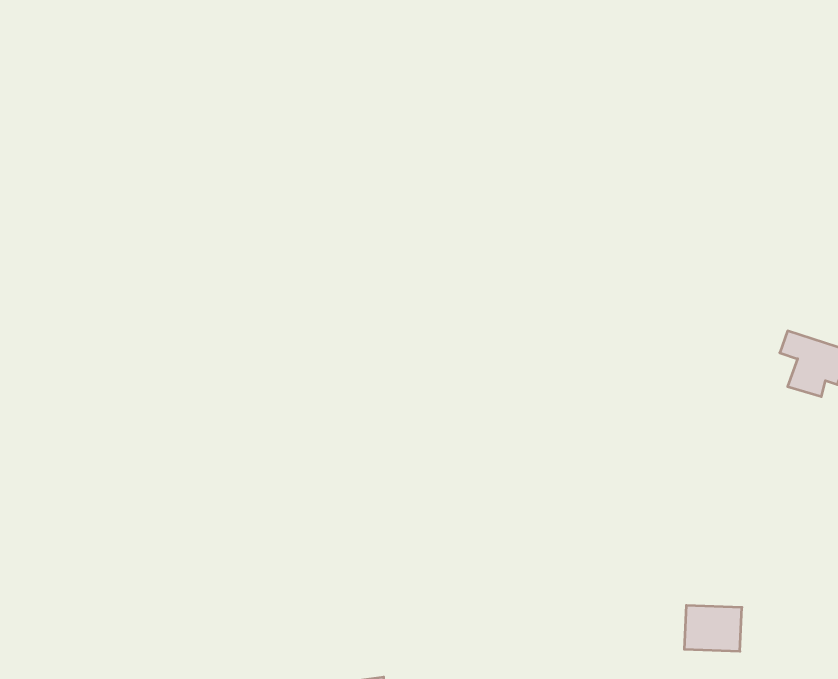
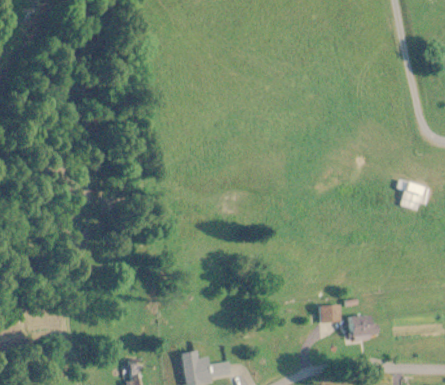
building: none -> [319,304,341,322]

